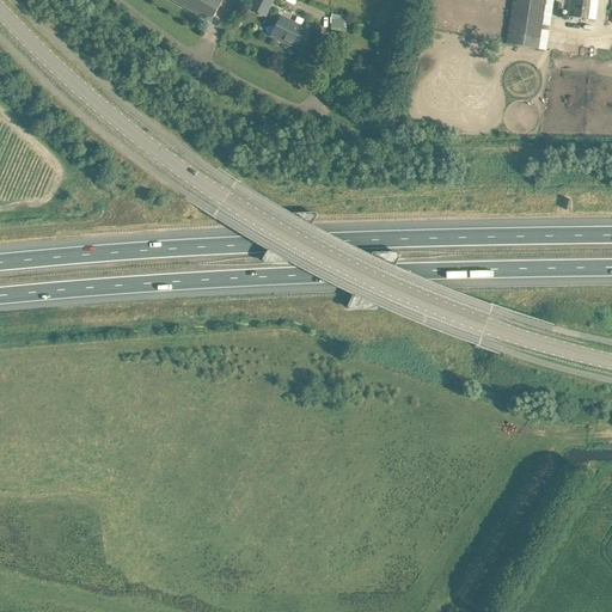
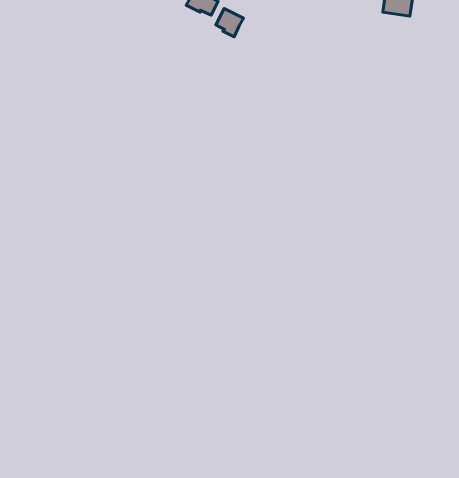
building: none -> [216,8,244,37]

